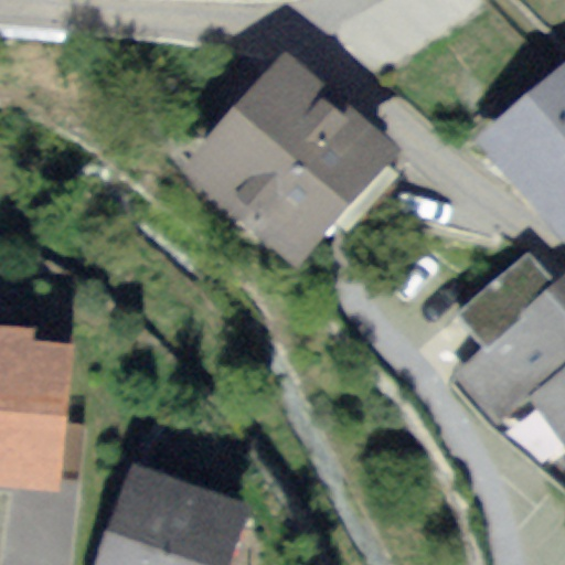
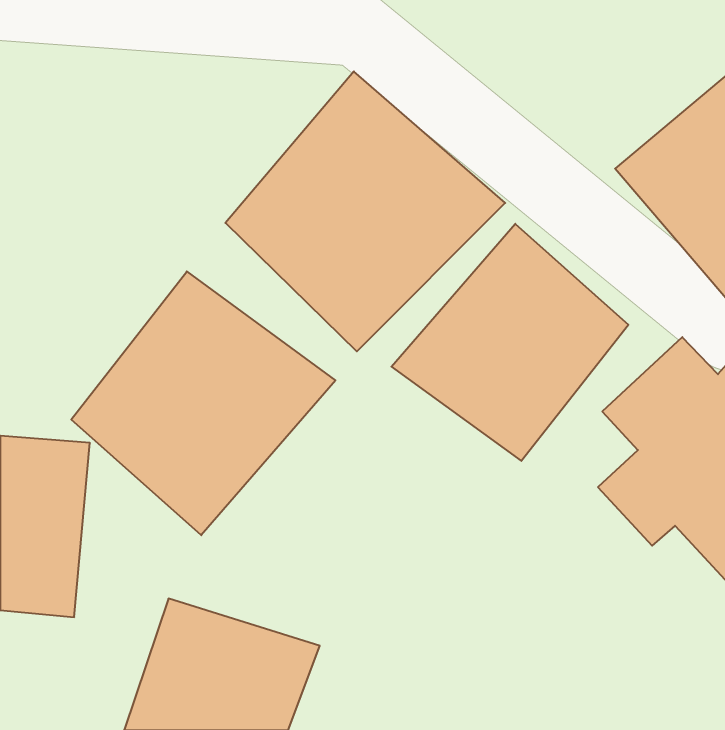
building: none -> [391,224,628,461]
building: none -> [71,271,335,535]

